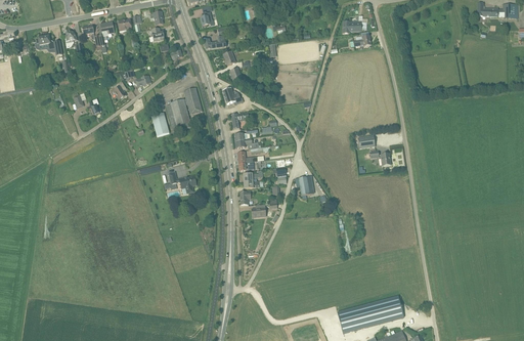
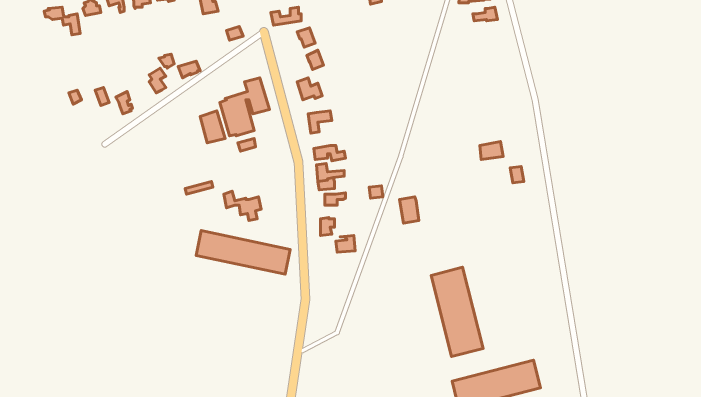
building: none -> [196,231,290,274]
building: none -> [431,267,483,357]

